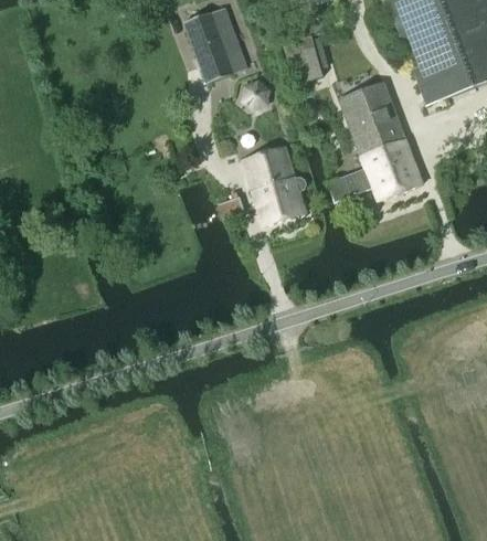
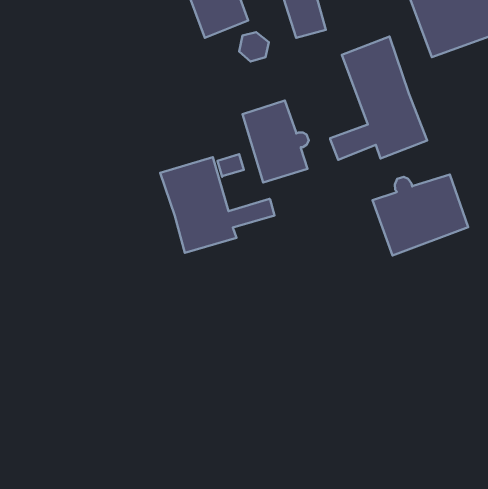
building: none -> [160,157,275,253]
building: none -> [373,175,468,255]

